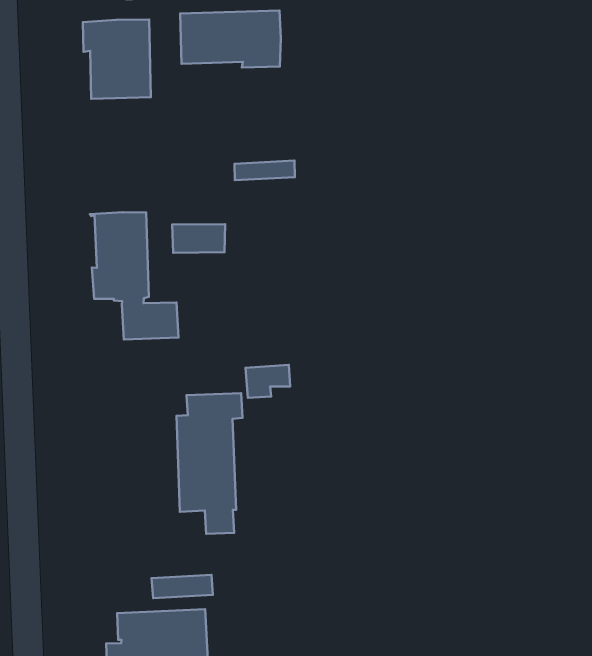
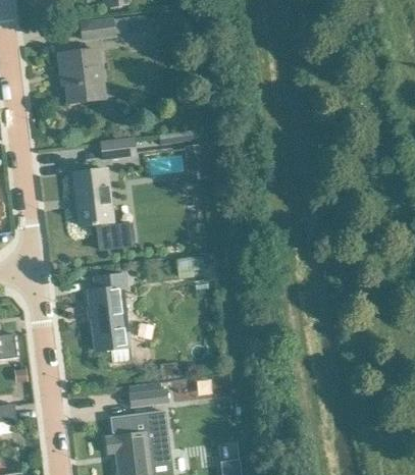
building: [180,11,281,68] -> none
building: [172,224,225,253] -> [101,138,135,158]
building: [176,393,242,534] -> [87,273,128,362]

